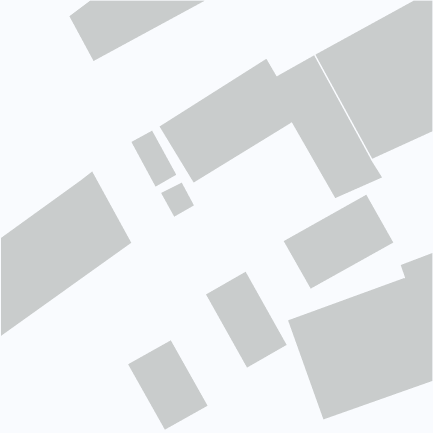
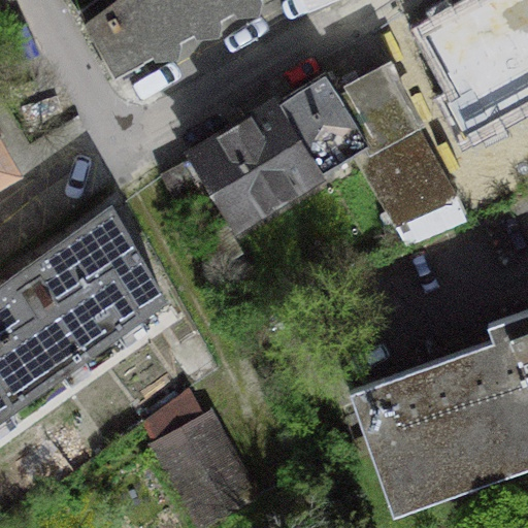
building: [283,194,394,290] -> none
building: [205,271,288,368] -> none

